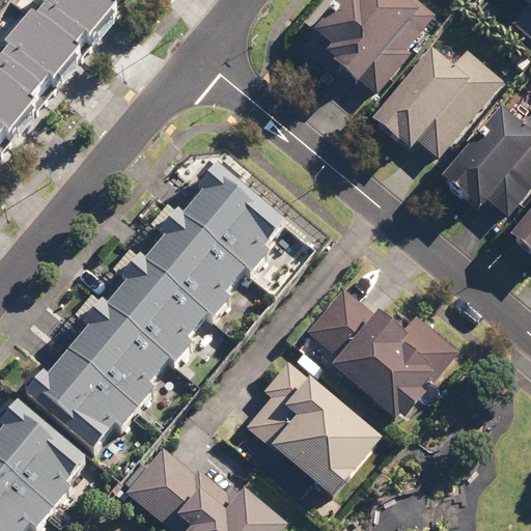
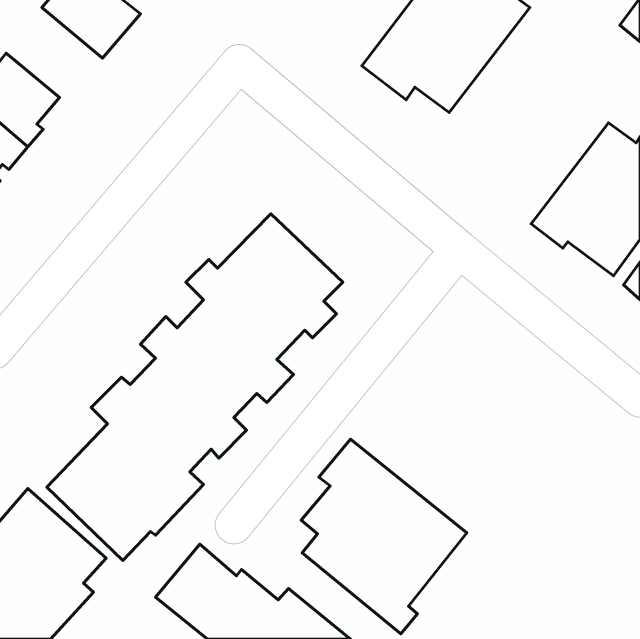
building: [4,6,84,84] -> none
building: [375,45,501,156] -> none
building: [305,284,454,419] -> none

